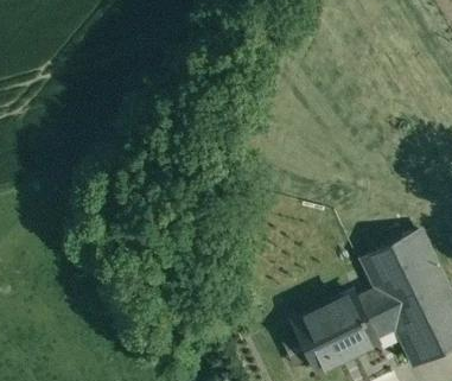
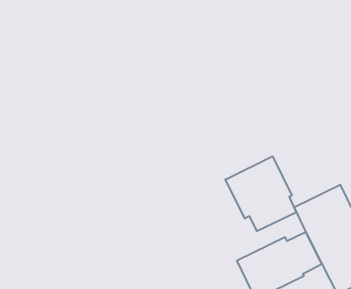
building: none -> [225,156,296,231]

